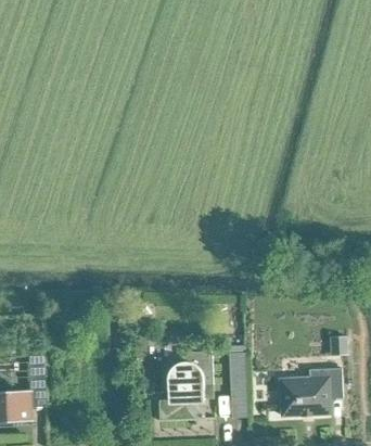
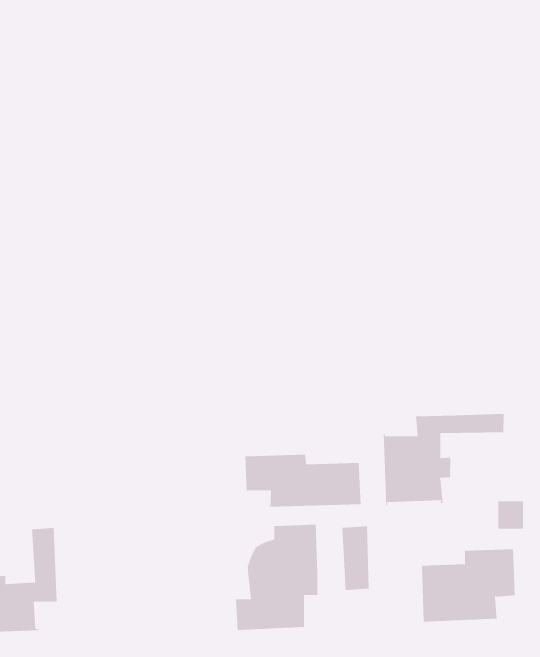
building: none -> [383,413,504,506]
building: none -> [245,454,361,507]

